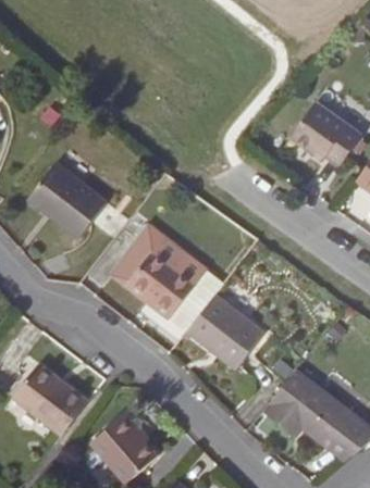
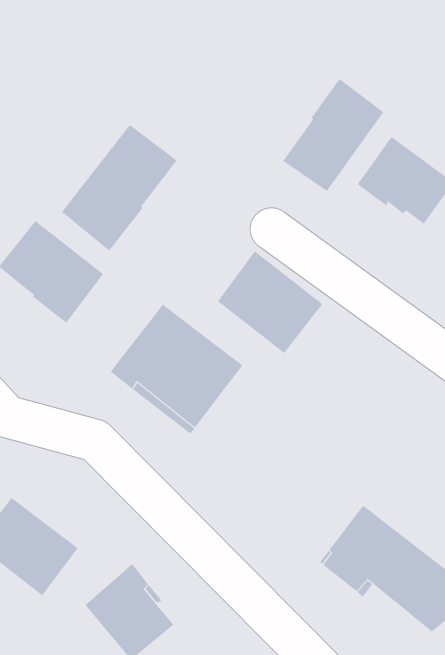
building: none -> [282,78,384,192]
building: none -> [61,124,177,251]
building: [187,295,264,370] -> [217,250,323,354]

